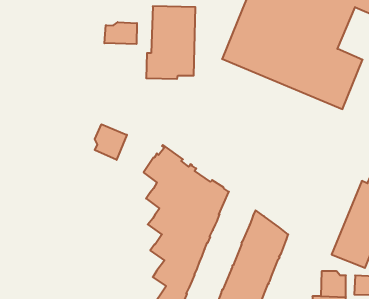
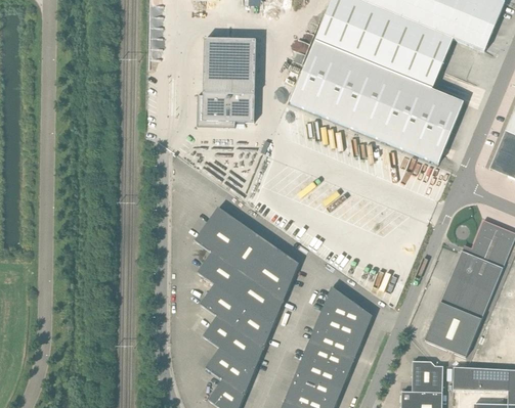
building: [104,22,137,44] -> none
building: [95,124,127,160] -> none

